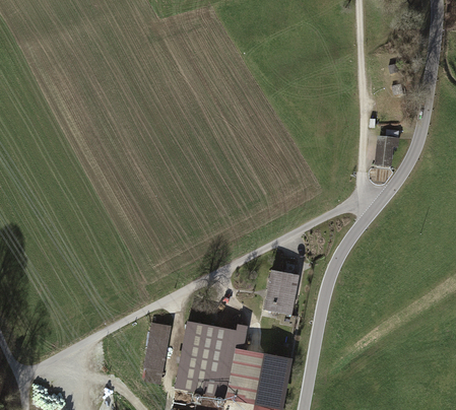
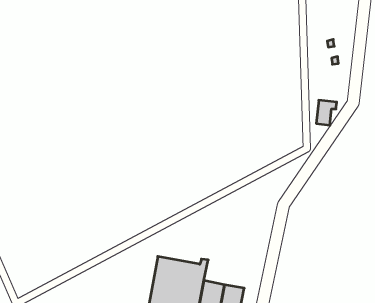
building: [265,269,297,314] -> none
building: [146,323,170,370] -> none

